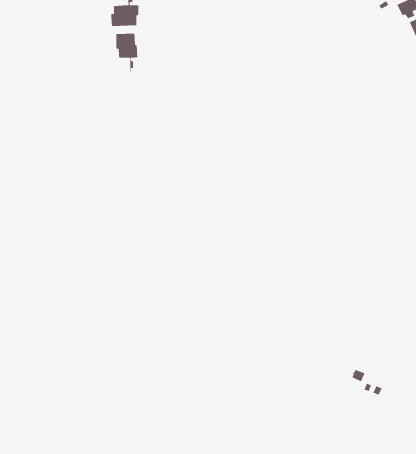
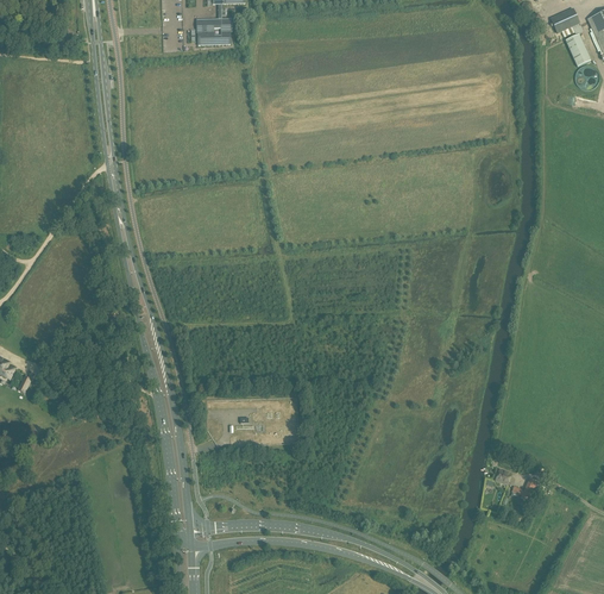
building: [116,33,138,72] -> none

